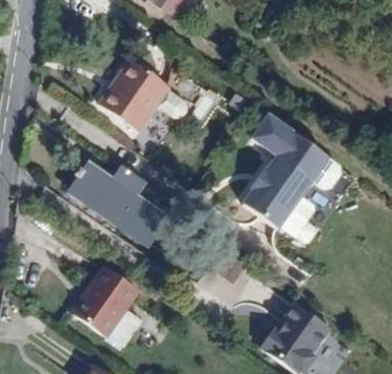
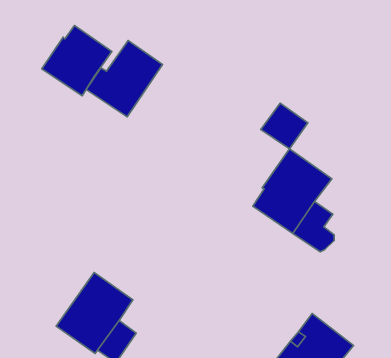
building: none -> [42,25,112,96]
building: [276,131,342,190] -> none
building: [72,164,169,243] -> none

